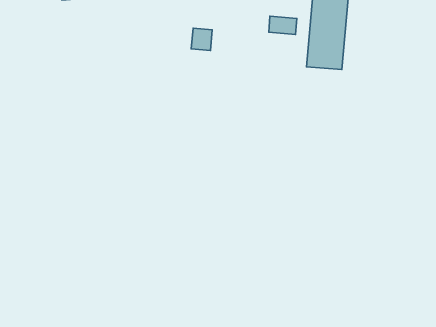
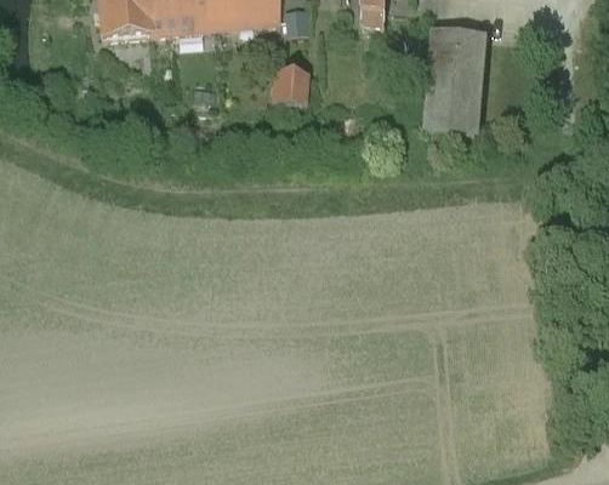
building: [269,16,297,34] -> none

